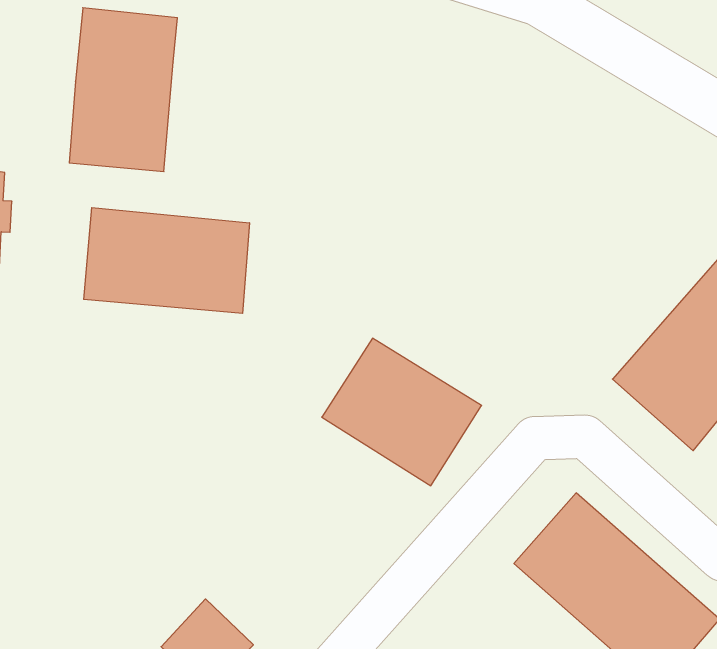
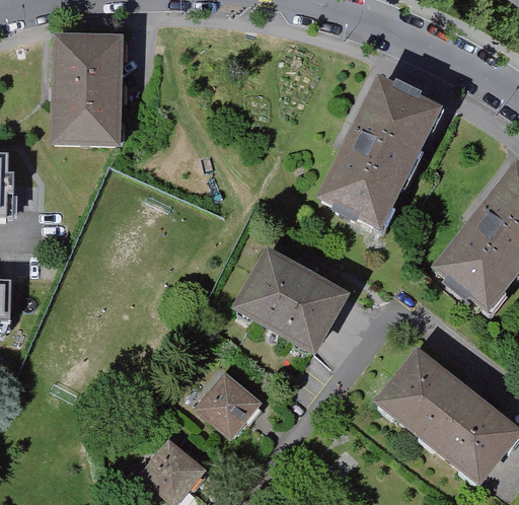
building: none -> [318,80,441,230]
building: [84,208,249,313] -> none
building: none -> [195,371,255,432]

